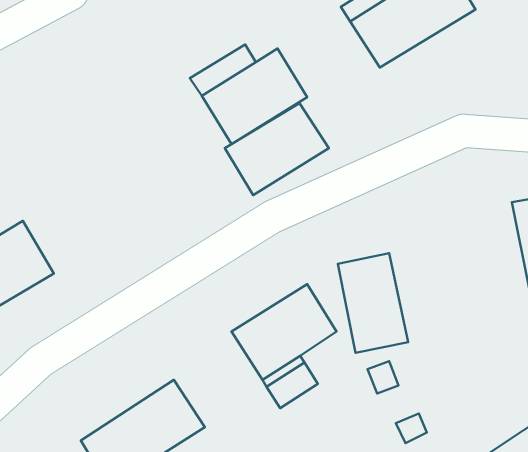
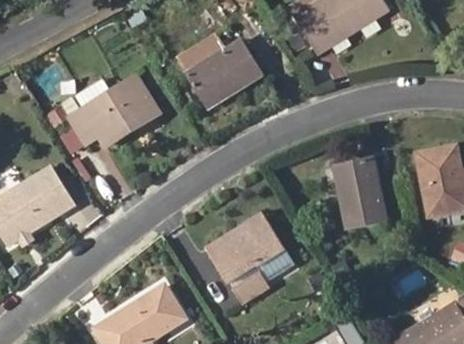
building: none -> [67,74,161,149]
building: [225,103,329,195] -> none
building: [338,253,408,353] -> [334,155,386,229]

